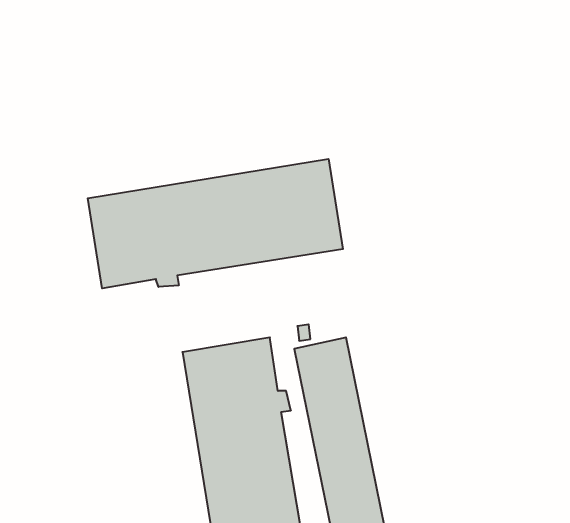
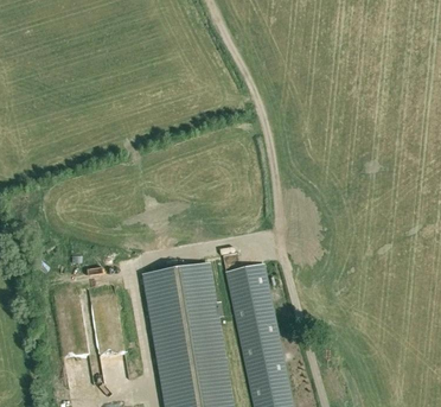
building: [88,159,343,288] -> none

